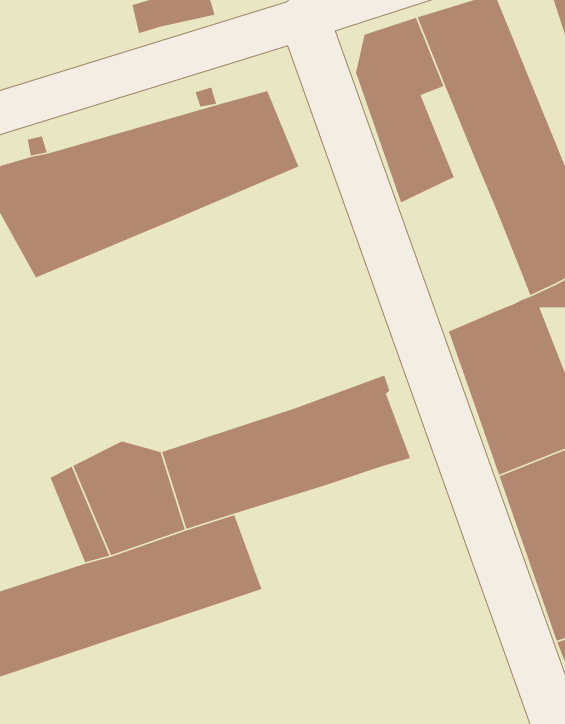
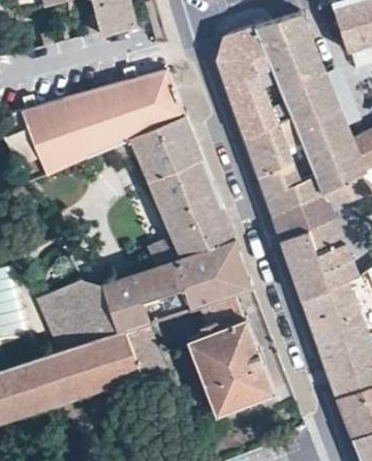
building: none -> [113,117,236,259]
building: none -> [245,117,321,214]
building: none -> [189,295,274,414]

